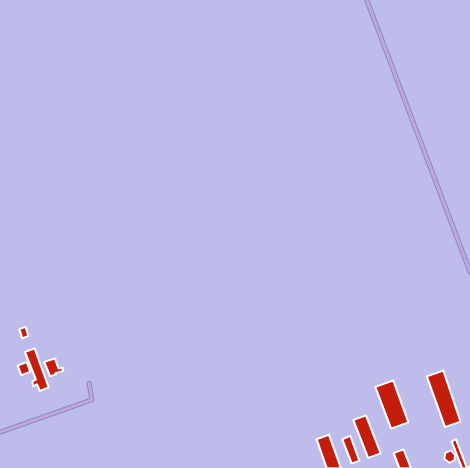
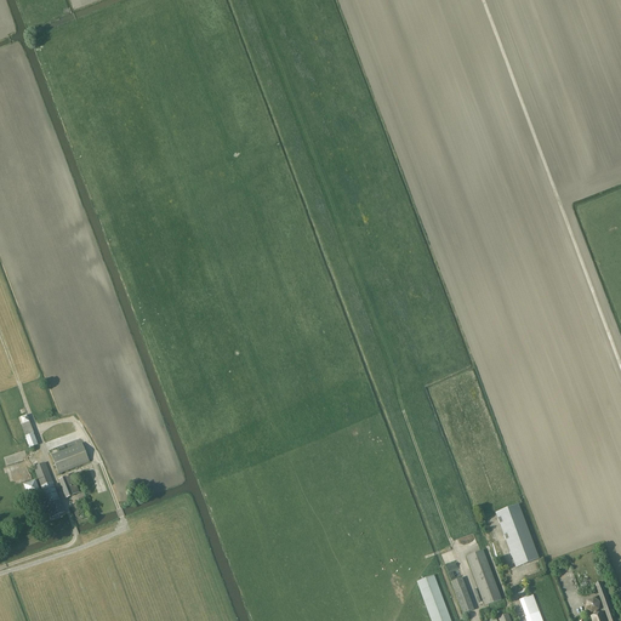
building: none -> [51,440,90,472]
building: [427,370,460,427] -> none

